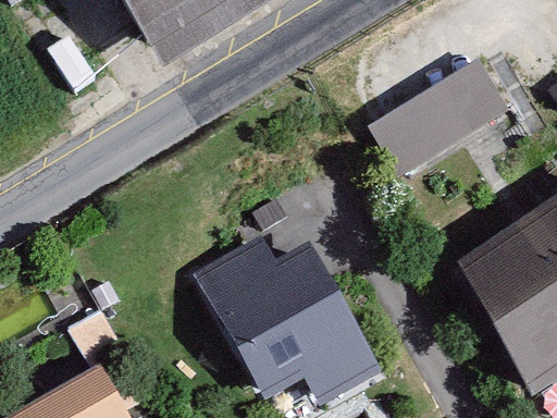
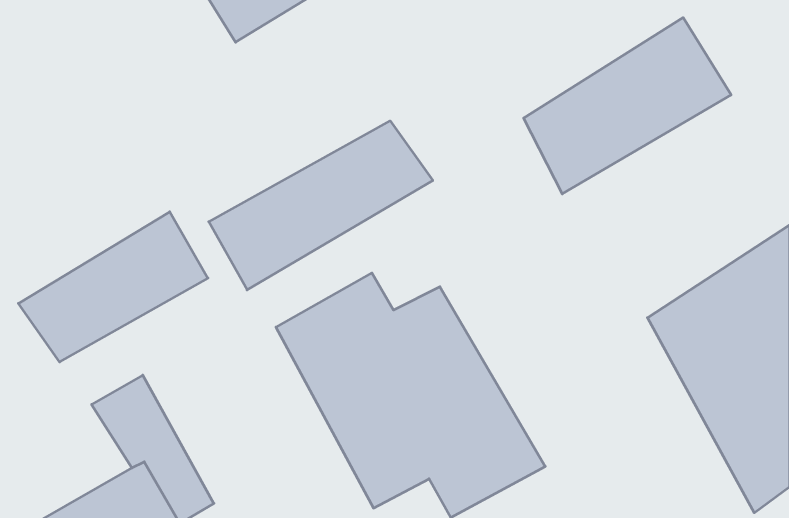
building: none -> [209,121,433,290]
building: none -> [18,212,208,362]

